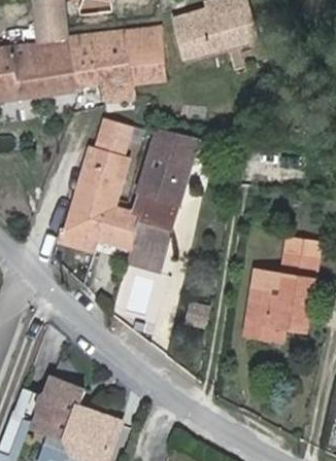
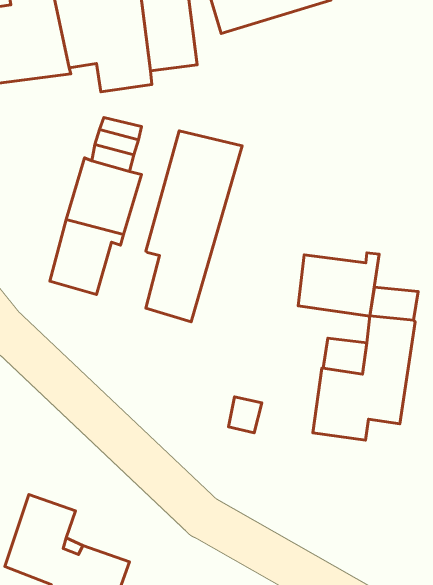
building: [97,205,140,250] -> none
building: none -> [298,253,379,316]

